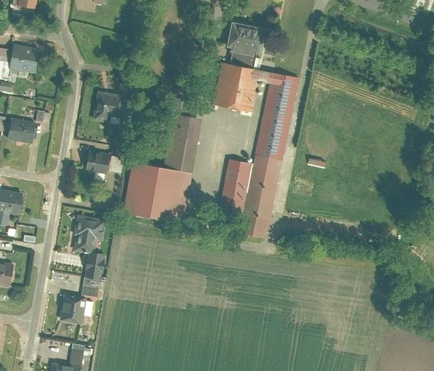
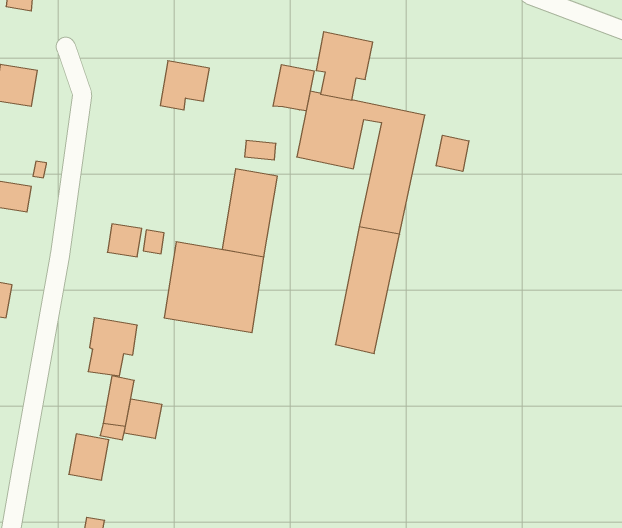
building: none -> [273,65,314,111]
building: [93,90,126,123] -> [160,61,209,110]
building: none -> [436,135,469,171]
building: [220,159,251,208] -> none
building: none -> [124,399,162,439]

